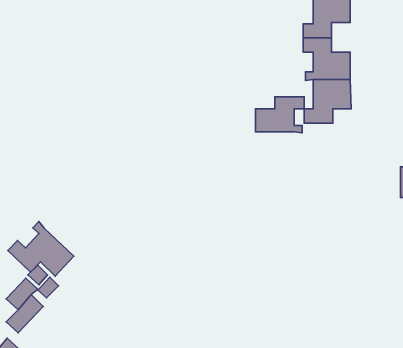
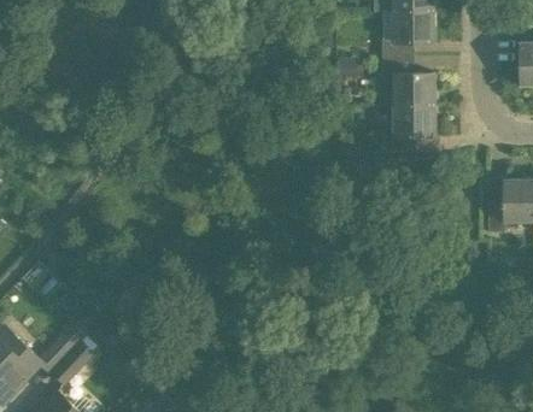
building: [256,97,304,133] -> none
building: [8,221,74,276] -> none

